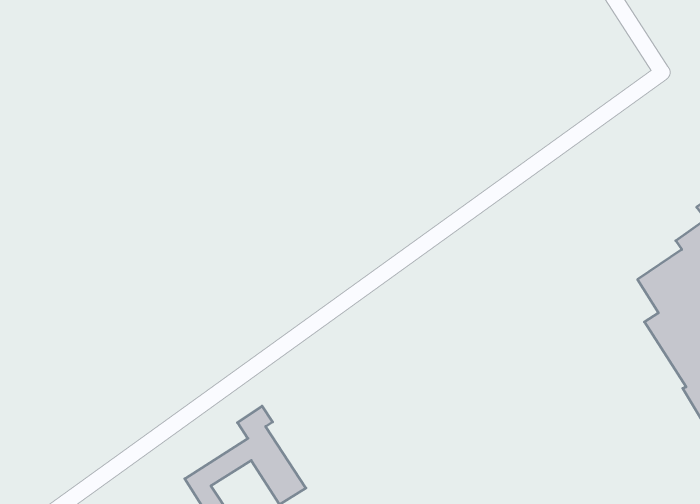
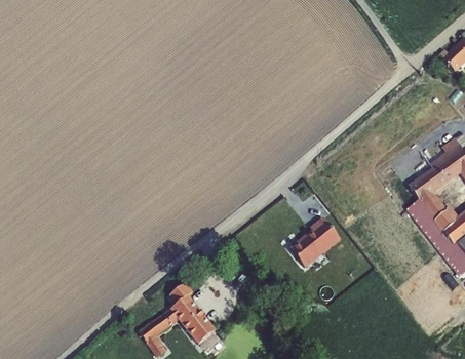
building: none -> [288,215,339,266]

